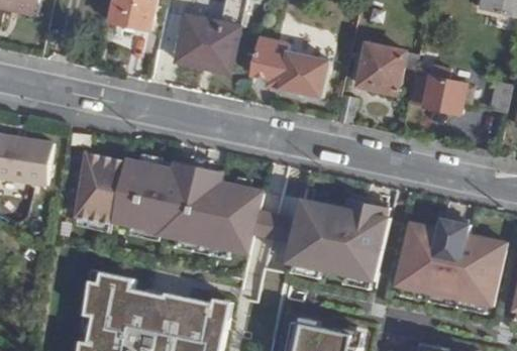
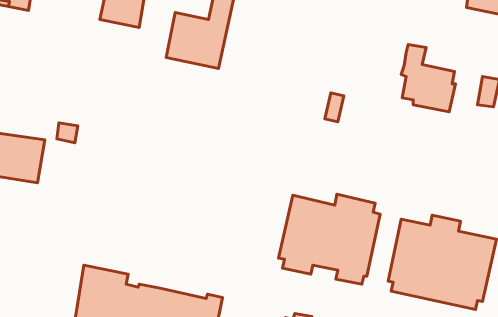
building: [249,32,331,96] -> none
building: [354,44,415,94] -> none
building: [74,152,261,258] -> none

